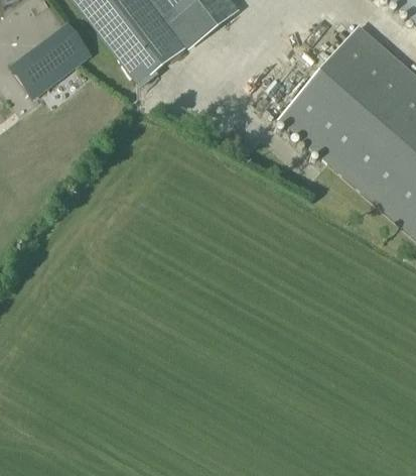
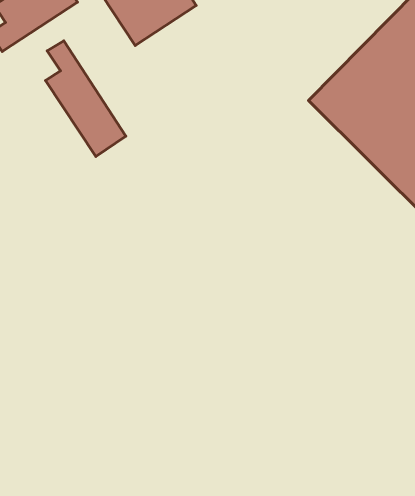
building: none -> [45,41,126,156]

